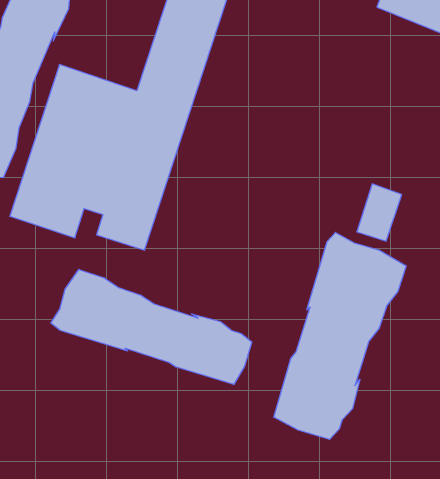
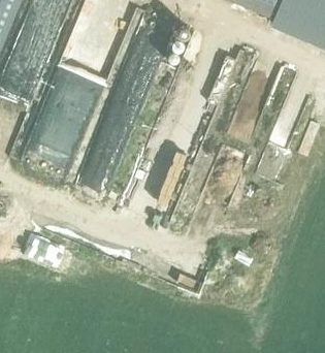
building: [274,232,406,439] -> none
building: [51,269,252,385] -> none

